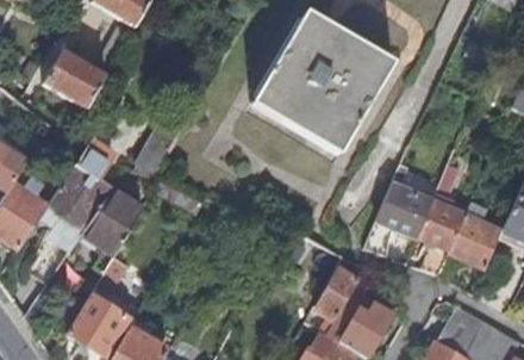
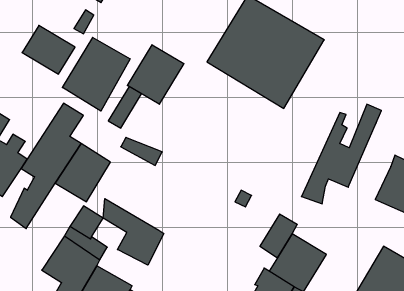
building: none -> [62,37,130,111]
building: none -> [127,45,184,104]
building: [417,163,466,274] -> none
building: none -> [103,199,164,265]

